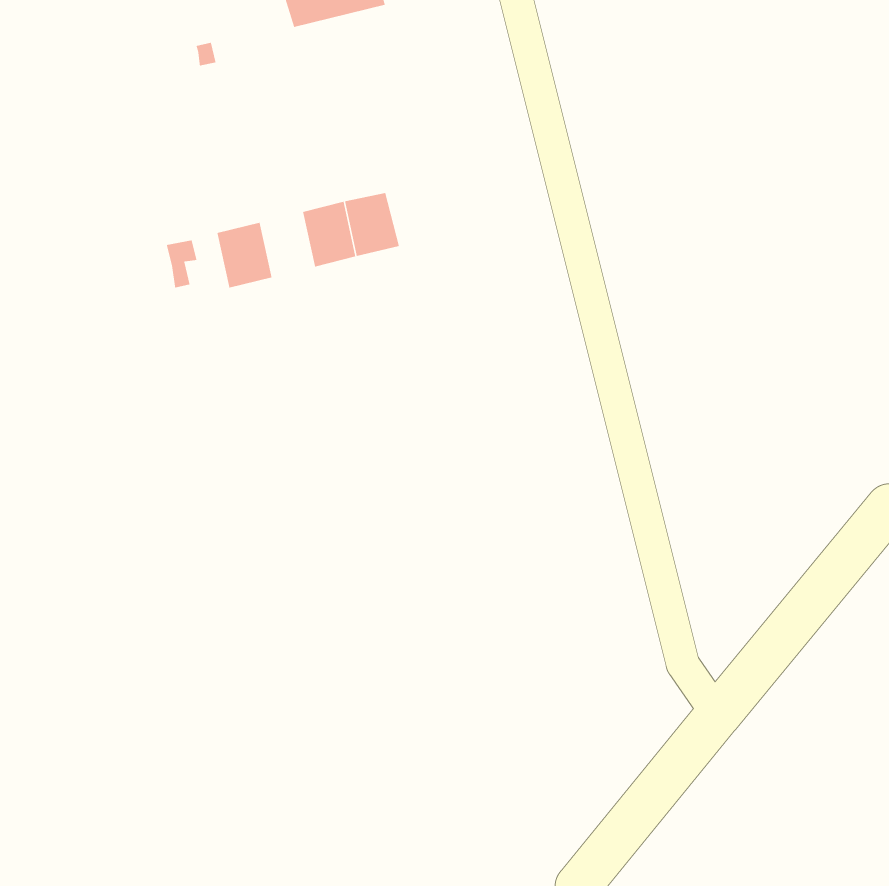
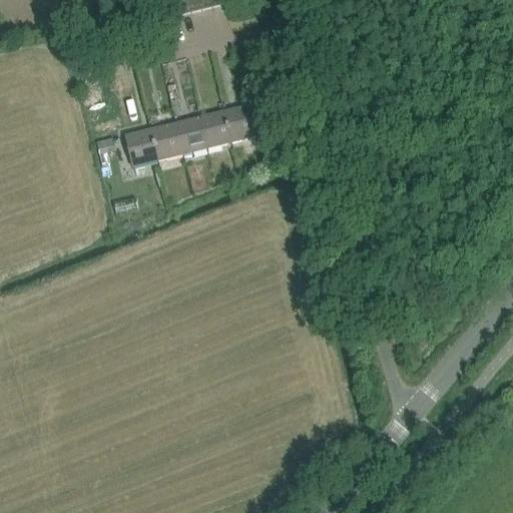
building: none -> [221,104,253,141]
building: none -> [149,121,180,159]

